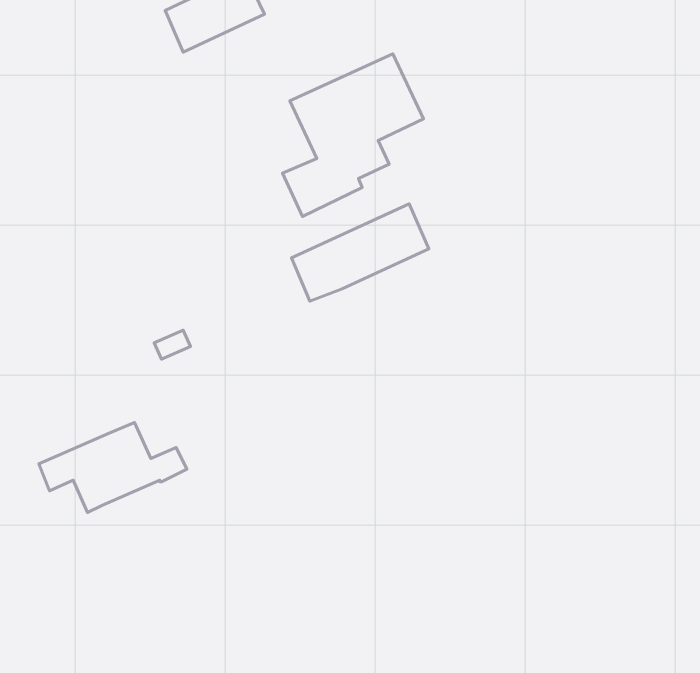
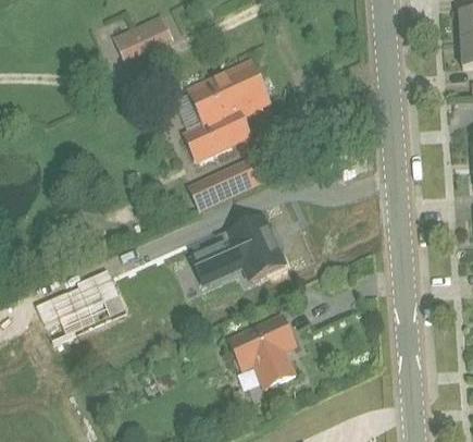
building: none -> [187,214,284,287]
building: none -> [229,315,295,385]

